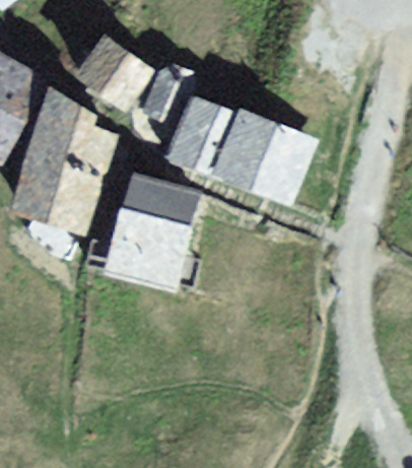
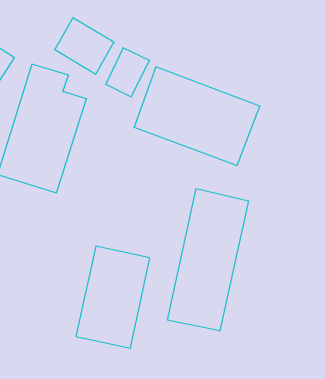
building: [113,174,195,287] -> [76,246,150,348]
building: none -> [168,189,248,331]

